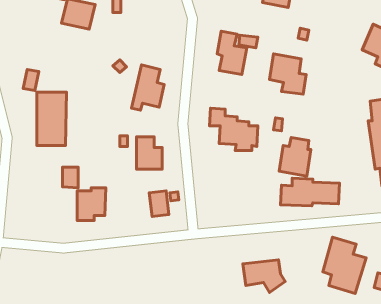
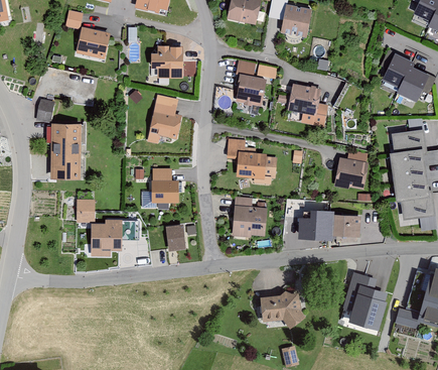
building: none -> [151,45,183,77]
building: [279,138,311,176] -> [336,150,369,190]
building: none -> [233,197,266,235]

